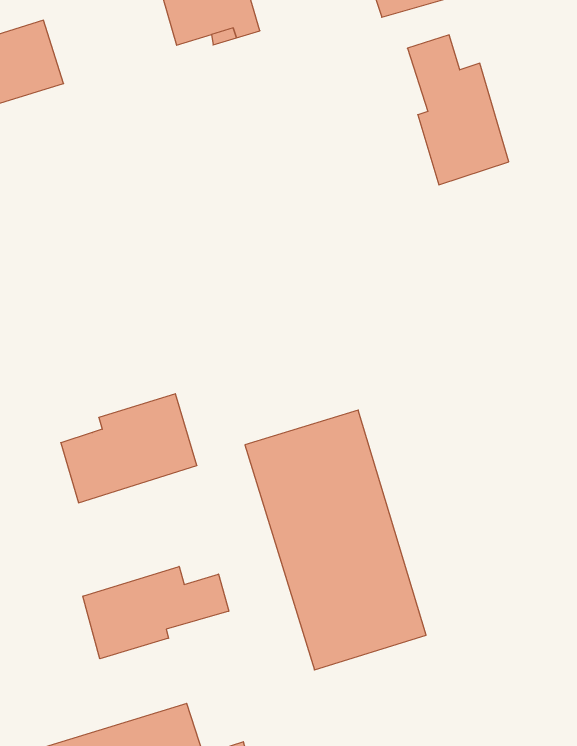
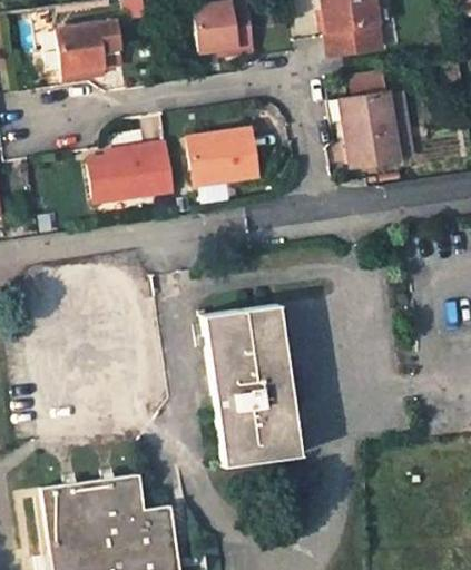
building: none -> [188,130,258,185]
building: [61,394,197,503] -> [89,144,174,204]
building: [83,566,229,659] -> none

